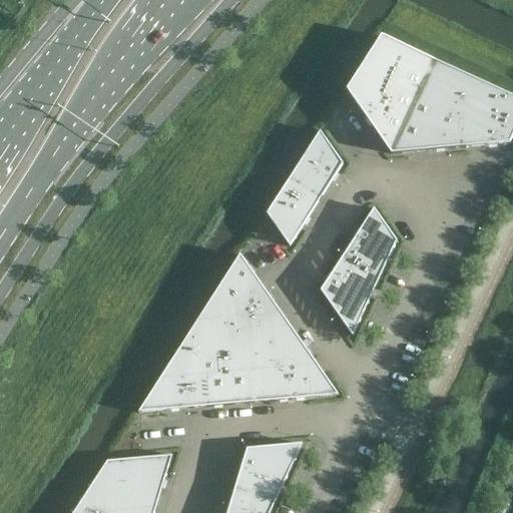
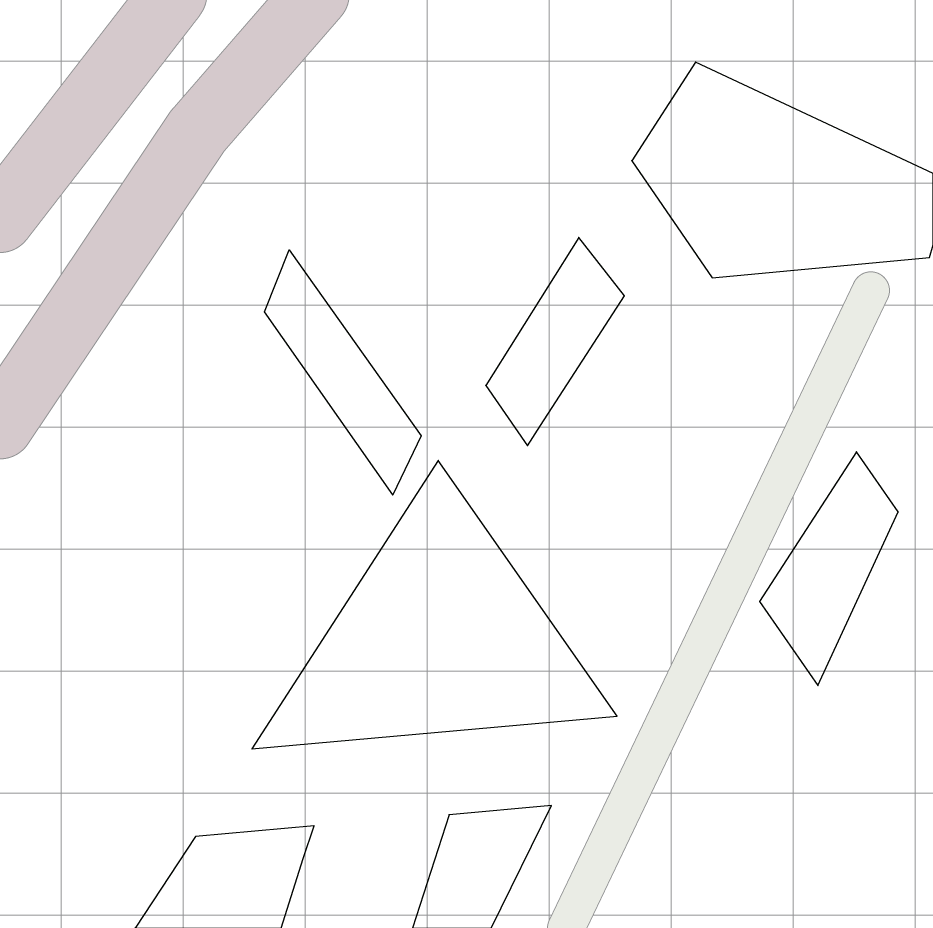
building: none -> [265,250,421,495]
building: [321,206,397,335] -> [760,452,898,686]

